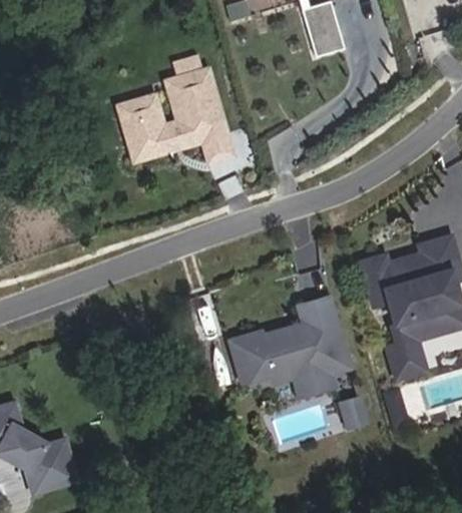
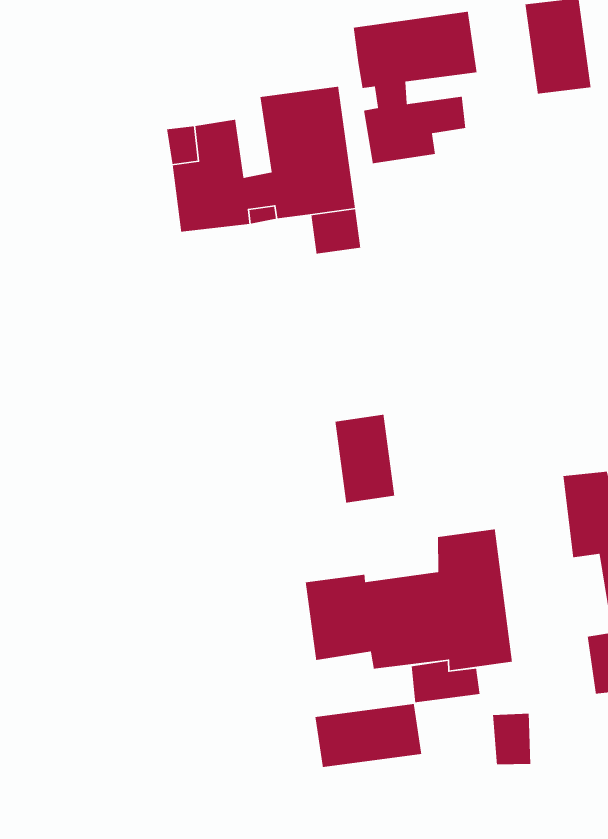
building: none -> [353,11,477,164]
building: none -> [335,414,395,503]
building: none -> [314,703,422,768]

